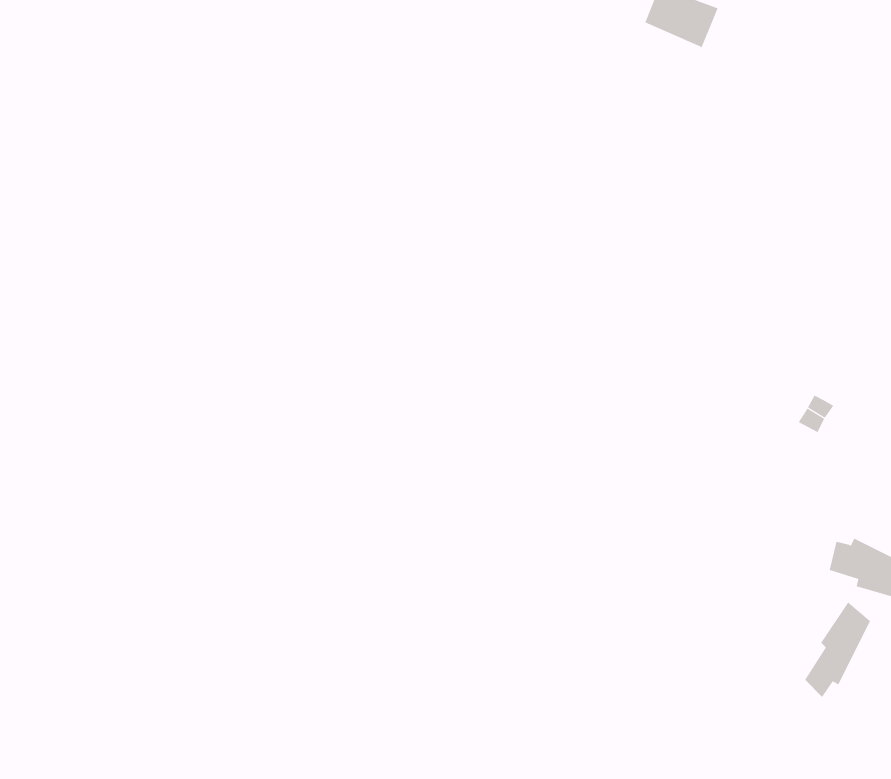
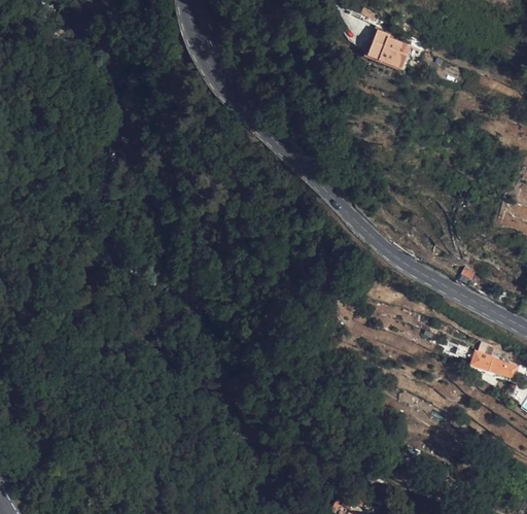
building: [804,601,871,698] -> none

